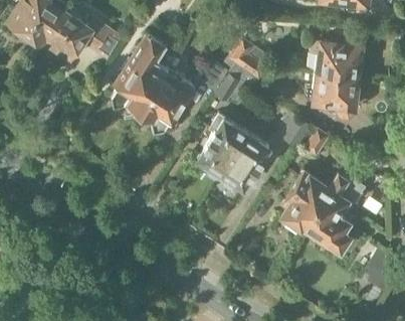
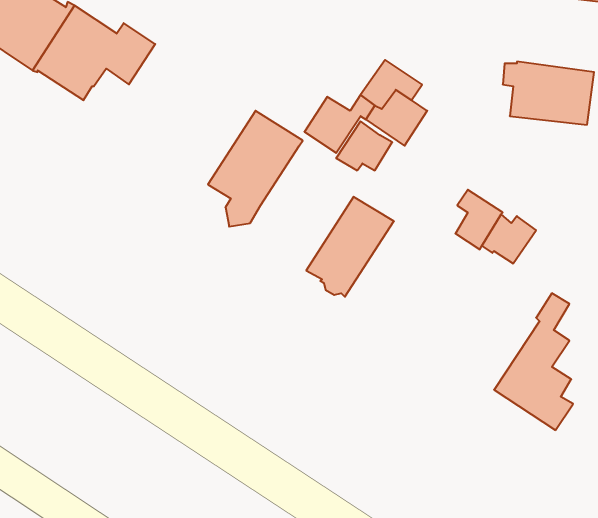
building: [112,36,169,112] -> none
building: [306,72,359,116] -> none
building: [220,133,270,190] -> none
building: [280,171,332,230] -> none

